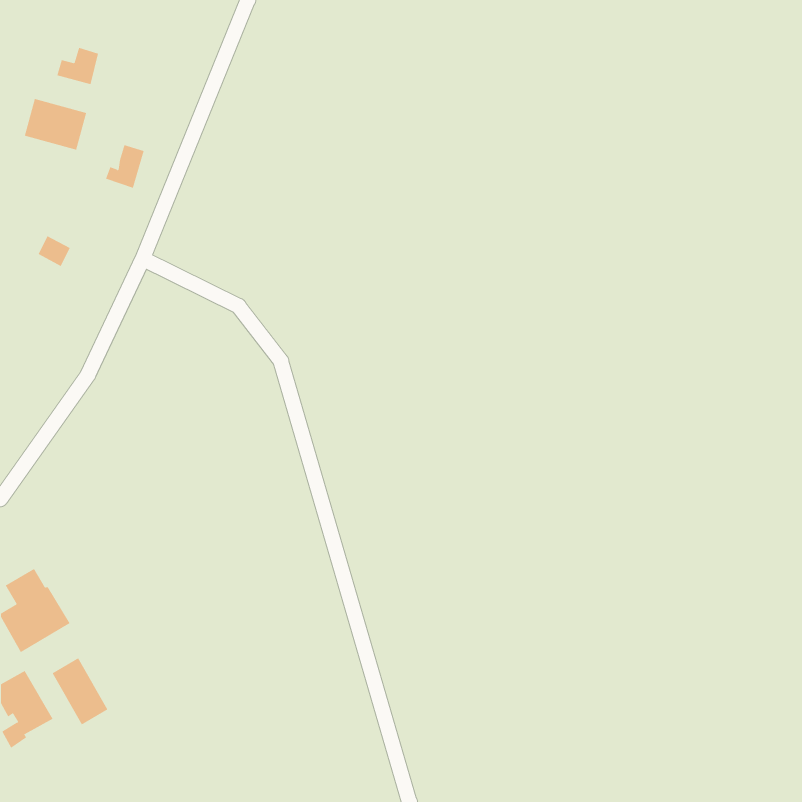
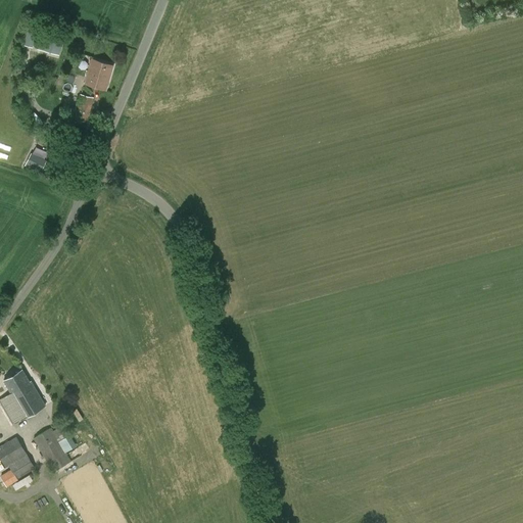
building: none -> [84,59,113,91]
building: [24,98,87,150] -> none

